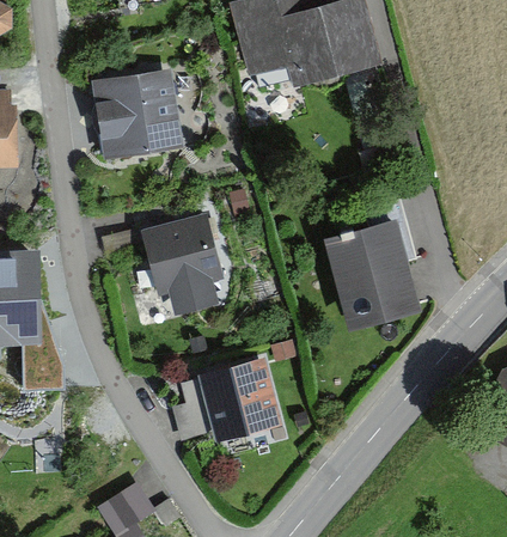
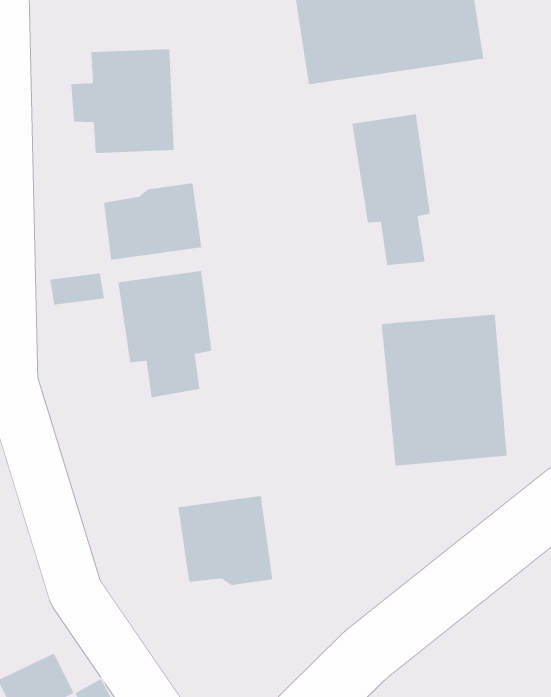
building: none -> [352,114,430,266]
building: none -> [103,182,202,261]

